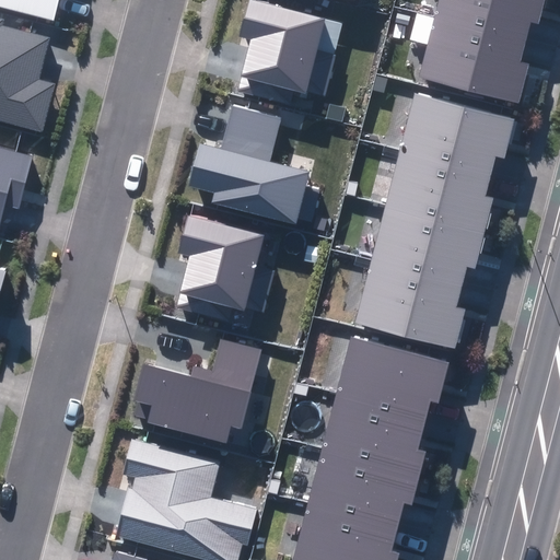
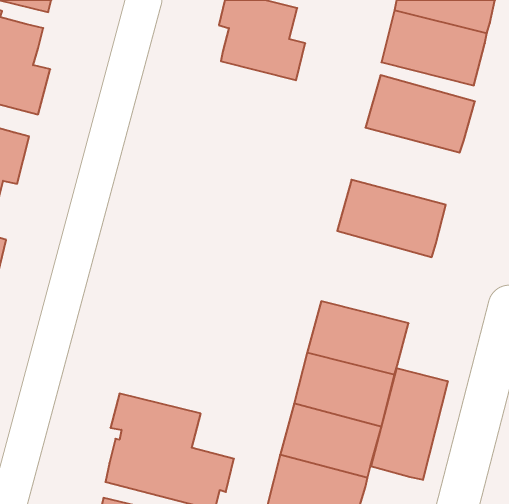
building: [188,106,318,223] -> none
building: [383,149,501,233] -> none
building: [177,213,272,314] -> none
building: [352,261,470,347] -> none
building: [136,340,260,436] -> none
building: none -> [371,368,448,480]

